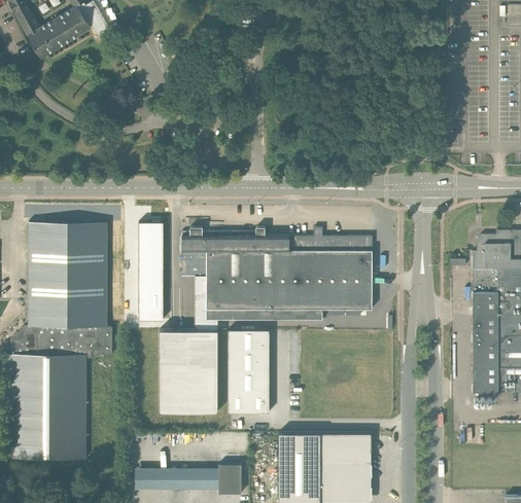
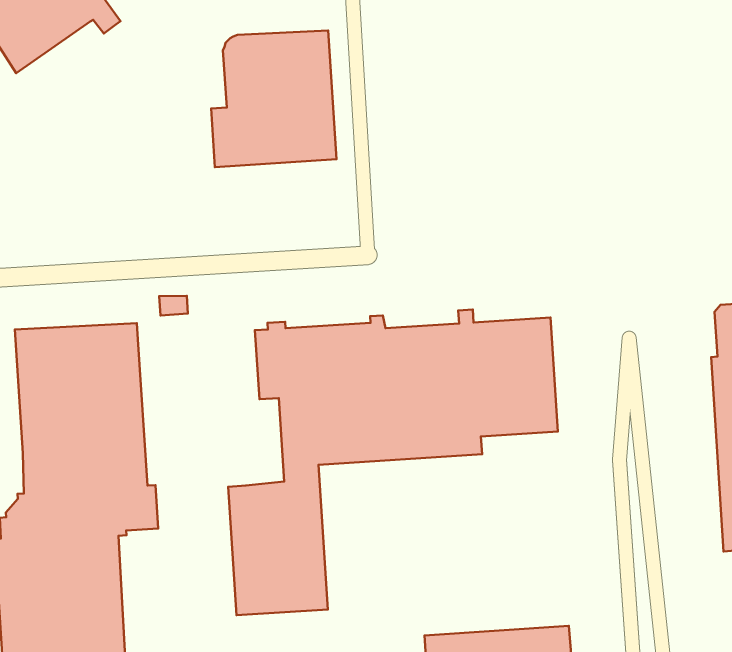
building: none -> [211,30,337,167]
building: [138,223,163,321] -> none
building: [228,331,269,414] -> none

